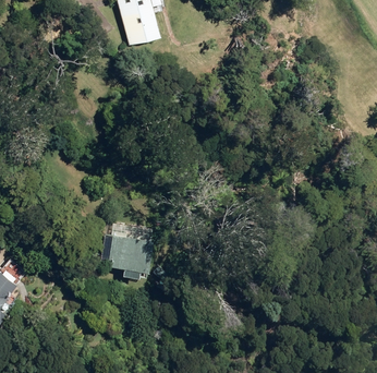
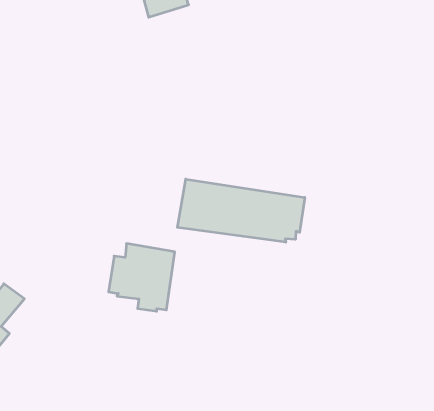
building: none -> [177,179,305,242]

